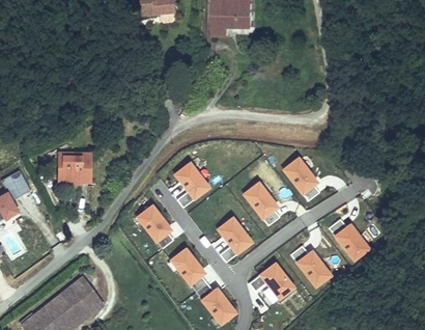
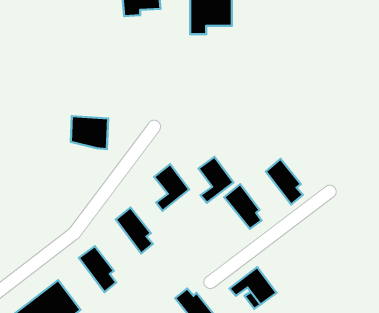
building: [54,156,90,188] -> [71,116,108,149]
building: [218,217,252,262] -> [198,157,234,203]
building: [329,219,369,259] -> none
building: [291,246,331,286] -> none
building: [171,248,207,293] -> [79,246,116,292]

